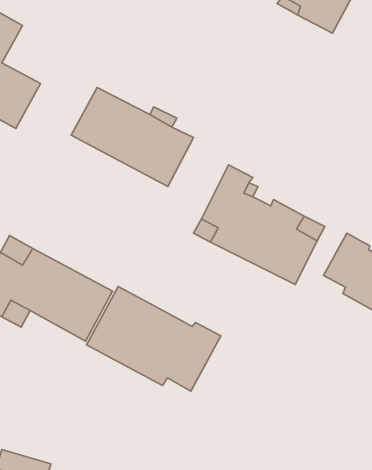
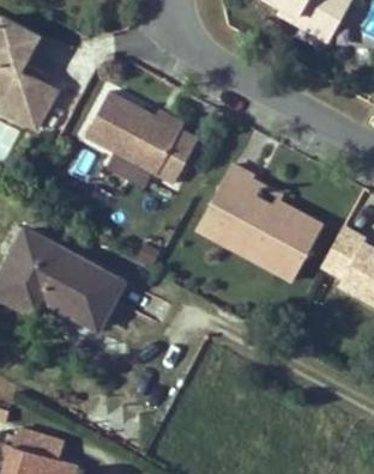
building: [86,286,221,391] -> none

